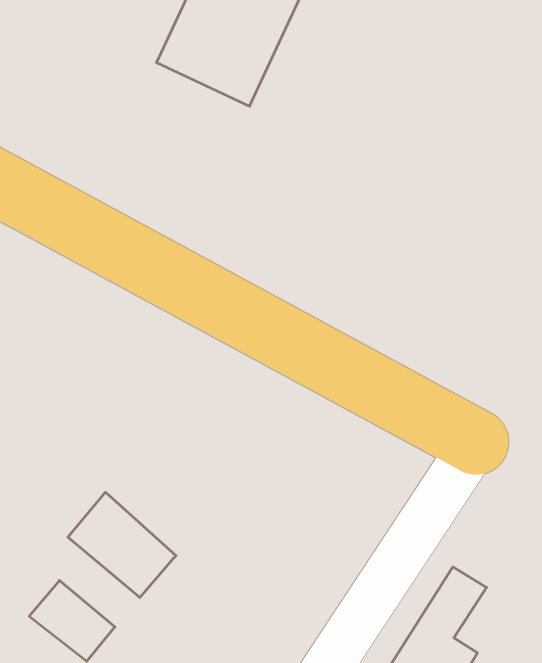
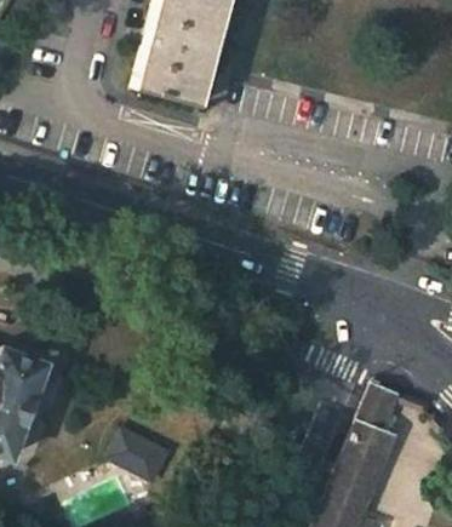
building: [68,492,176,598] -> none

